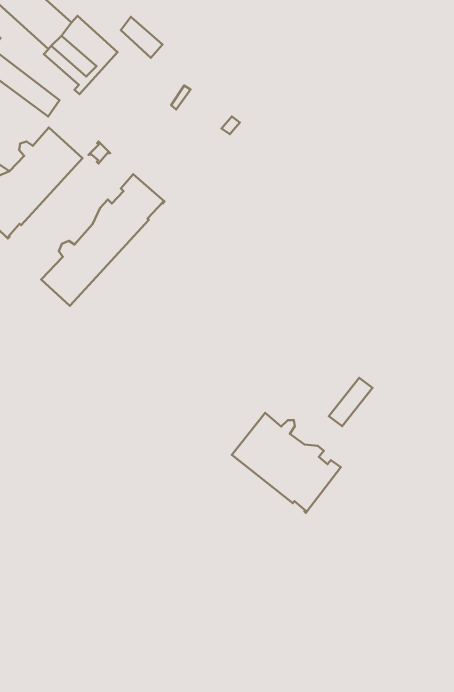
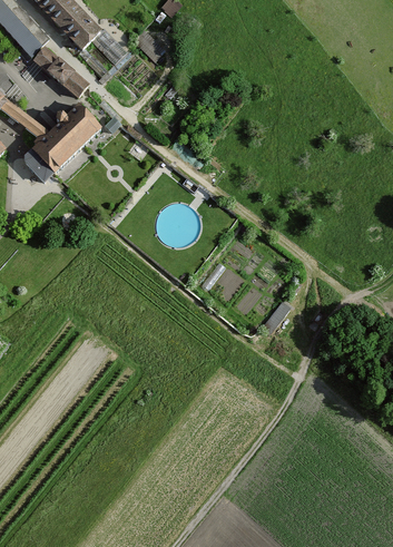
building: [41,174,165,306] -> none
building: [232,413,341,513] -> none

